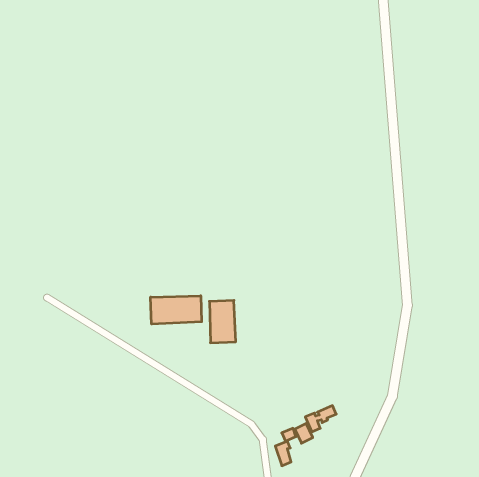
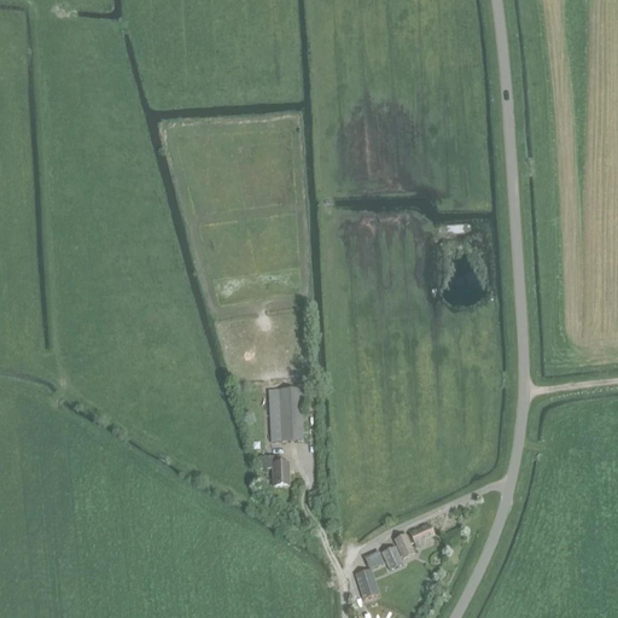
building: [151,296,202,324] -> none
building: none -> [257,455,287,485]

